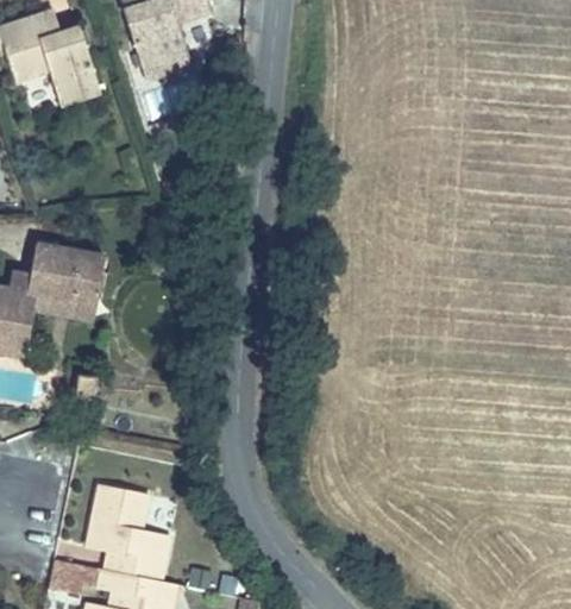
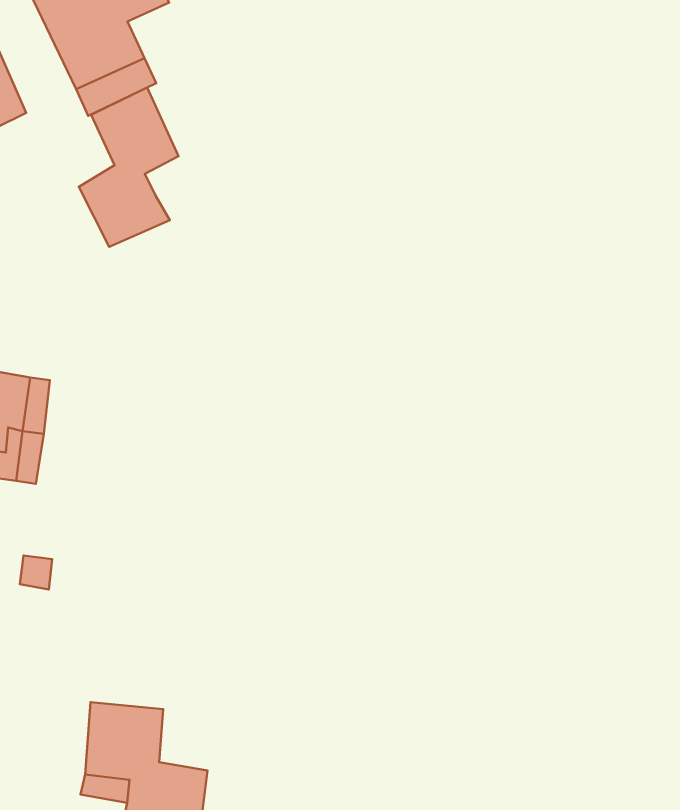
building: none -> [79,87,179,247]

